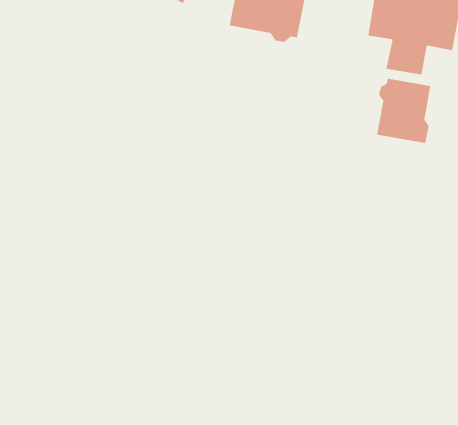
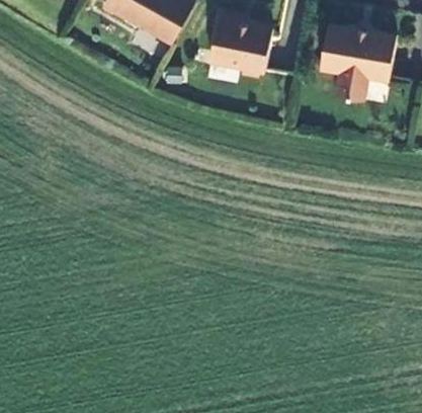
building: [377,78,431,144] -> none

